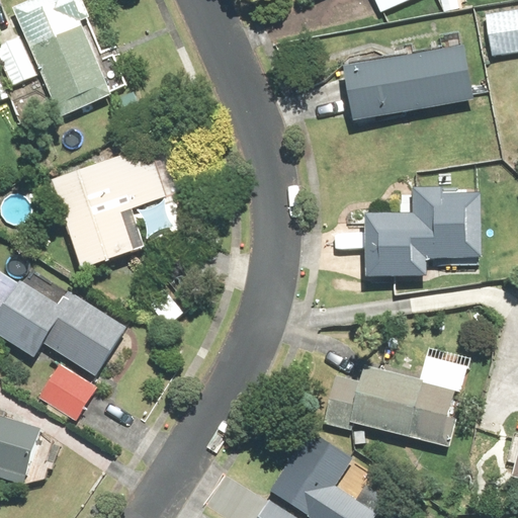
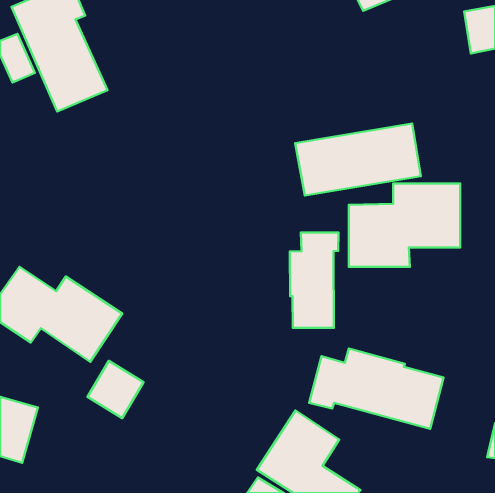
building: [341,46,472,120] -> [295,124,421,195]
building: [51,147,165,268] -> none
building: none -> [290,232,338,328]
building: [38,362,97,422] -> [87,361,144,418]

